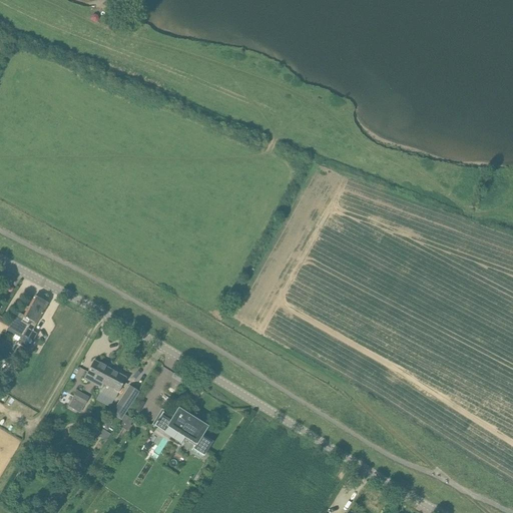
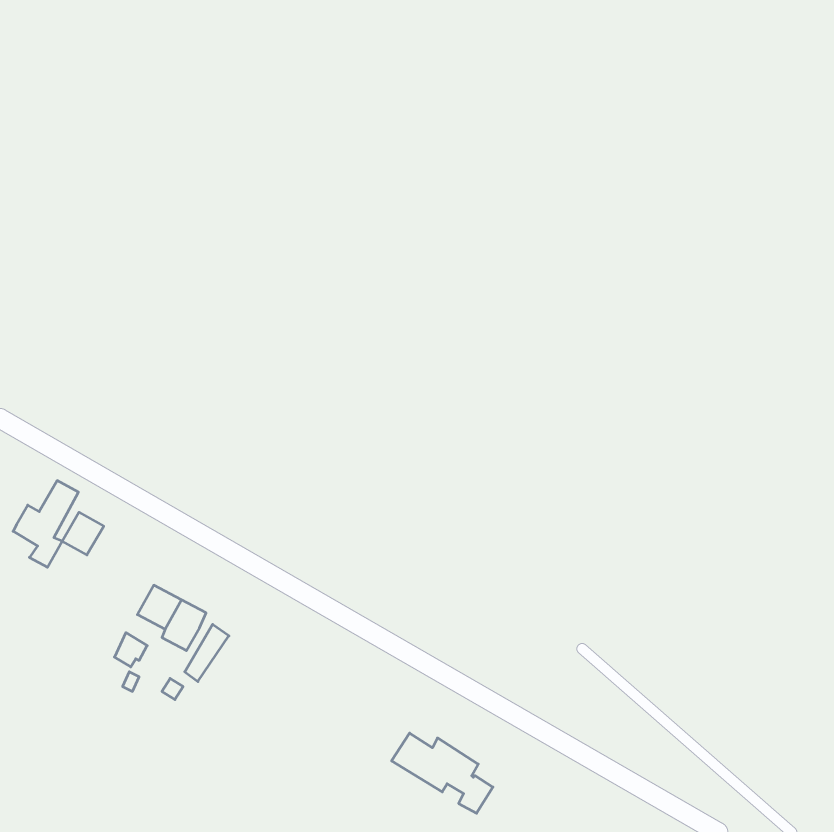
building: none -> [62,512,104,555]
building: [152,407,214,456] -> [392,733,493,813]

